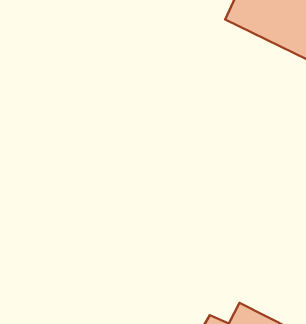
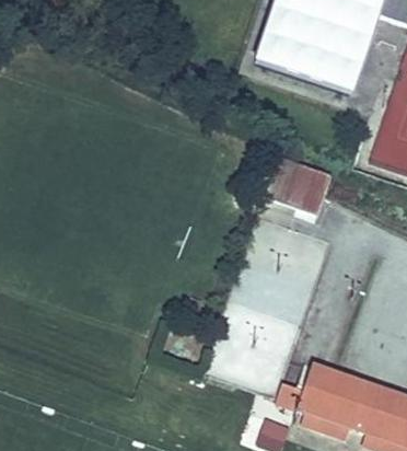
building: none -> [266,157,328,211]

